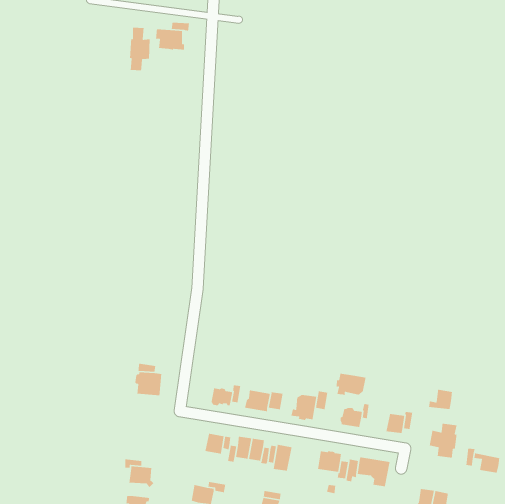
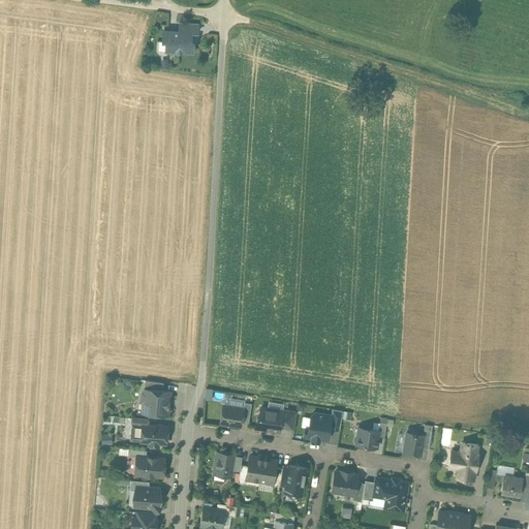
building: [129,27,150,71] -> none
building: [336,373,367,395] -> none
building: [428,389,453,410] -> none
building: none -> [141,426,167,445]
building: none -> [135,456,165,477]

